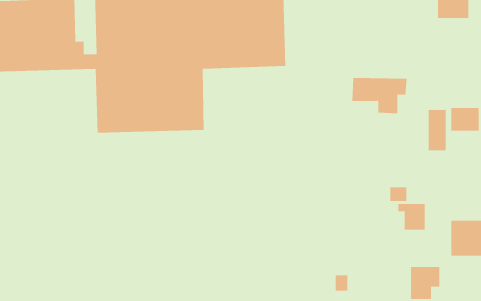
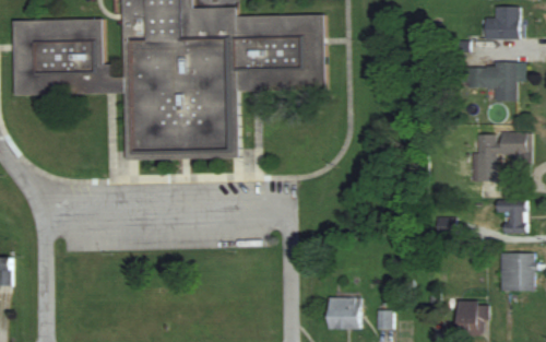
building: [352,78,407,114] -> [466,63,525,102]
building: [398,203,426,230] -> [497,204,526,233]
building: none -> [327,297,359,329]

